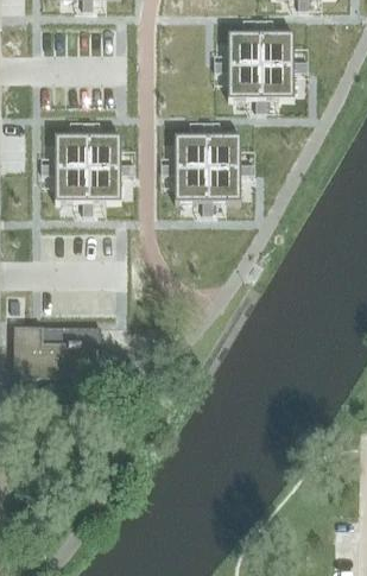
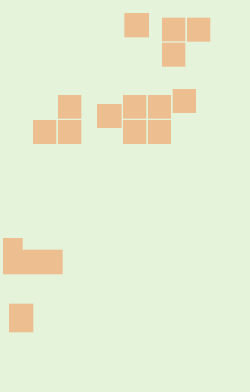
building: none -> [124,12,149,38]
building: [260,63,293,96] -> [172,89,197,113]
building: [55,133,88,166] -> none
building: none -> [96,103,122,129]
building: none -> [9,303,34,333]

